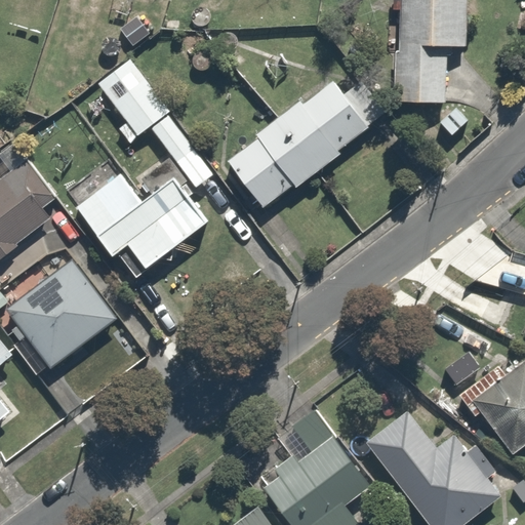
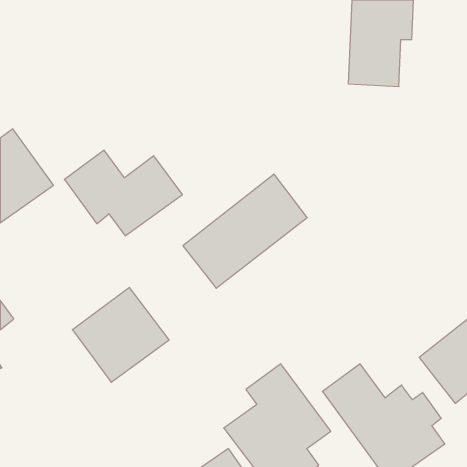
building: [97,58,218,191] -> none
building: [229,84,367,211] -> [183,174,307,288]
building: [8,259,116,365] -> [72,287,169,382]

